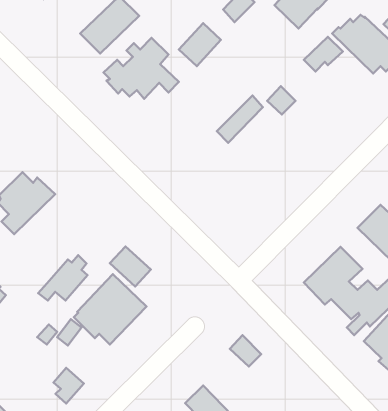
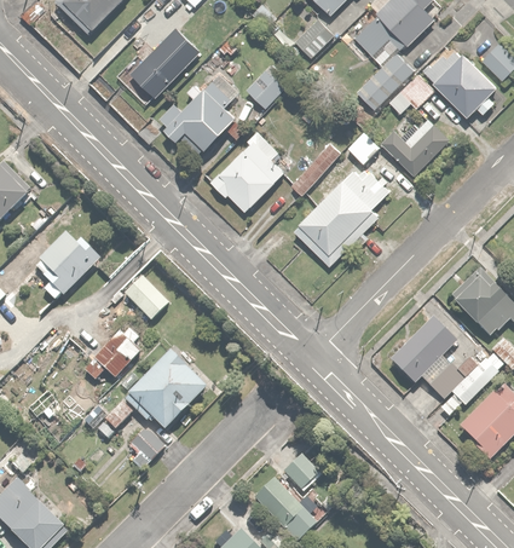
building: none -> [357,53,414,109]
building: none -> [381,117,451,178]
building: none -> [209,131,283,209]
building: none -> [295,169,392,265]
building: [110,246,151,286] -> [122,275,169,321]
building: [230,335,261,367] -> [282,456,318,492]
building: [54,368,84,403] -> [128,429,163,471]

